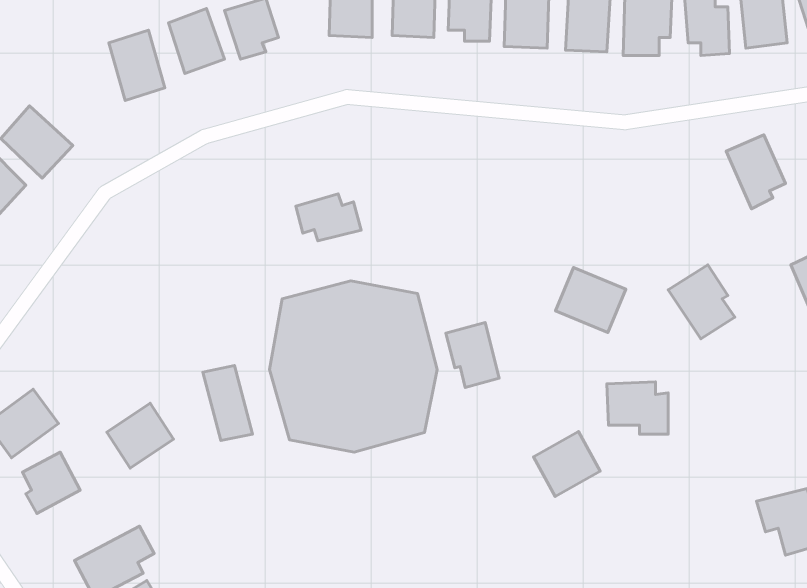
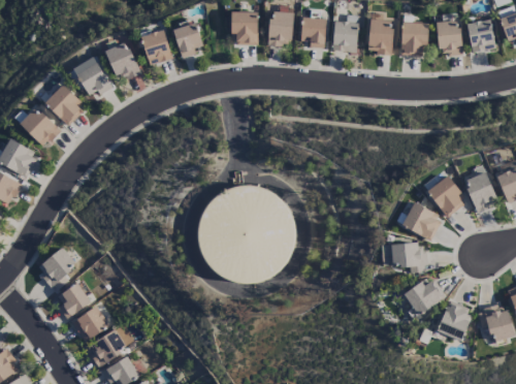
building: none -> [76,62,111,95]
building: [726,135,786,209] -> [463,171,497,214]
building: [296,194,361,241] -> none
building: [555,267,626,332] -> [401,202,442,239]
building: [446,322,499,387] -> none
building: [203,366,252,441] -> none
building: [107,403,174,468] -> [71,306,109,343]
building: [533,431,600,496] -> [404,278,442,315]
building: none -> [438,301,471,340]

